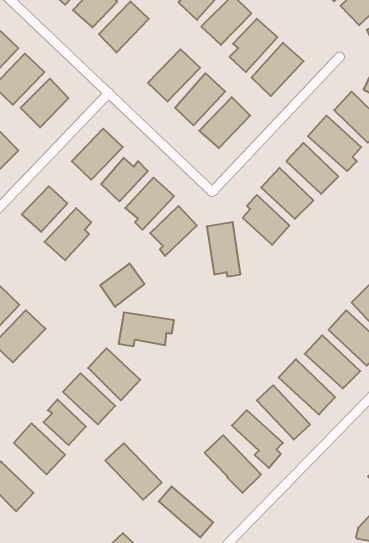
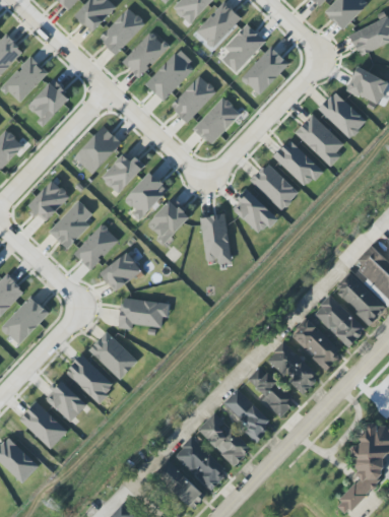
building: none -> [122,29,169,78]
building: none -> [73,223,118,270]
building: [105,443,162,500] -> [175,437,228,490]

